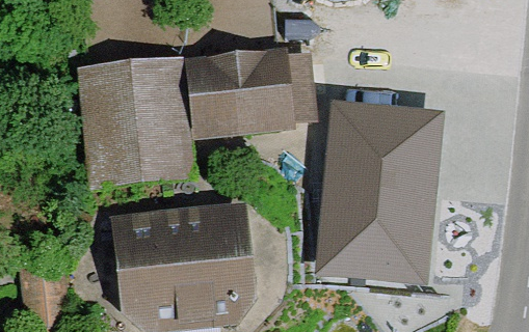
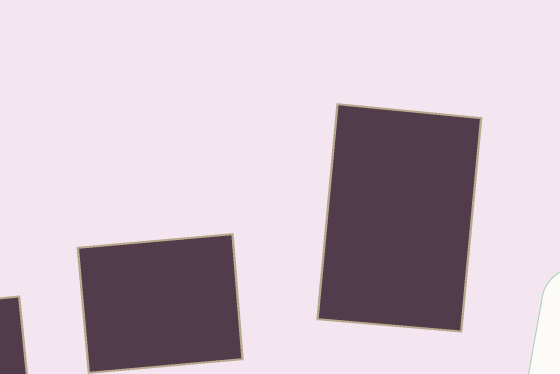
building: [188,51,289,137] -> none
building: [84,59,189,183] -> none

